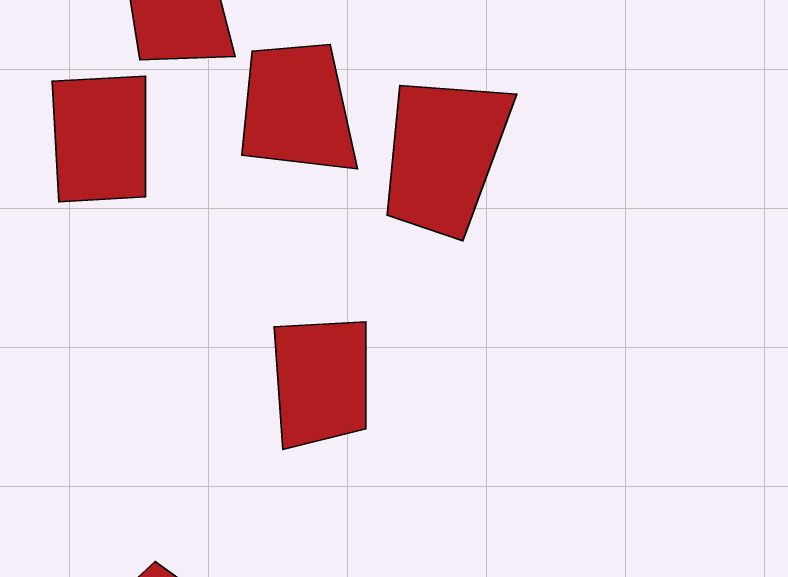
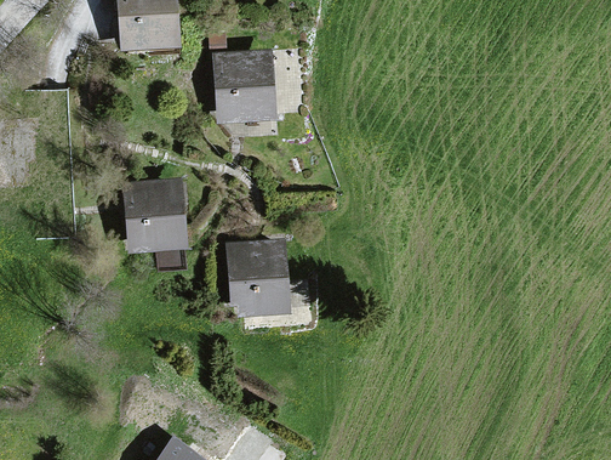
building: [52,76,146,202] -> [122,167,189,257]
building: [387,85,517,241] -> none

